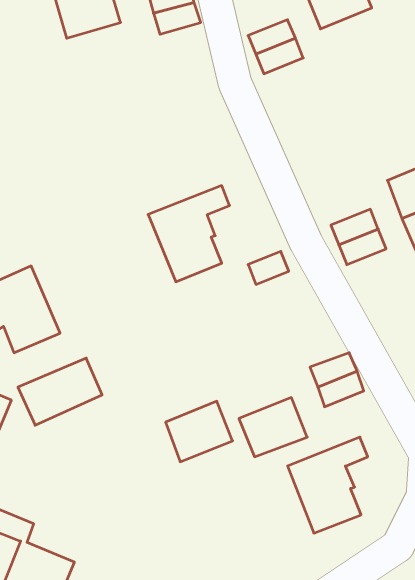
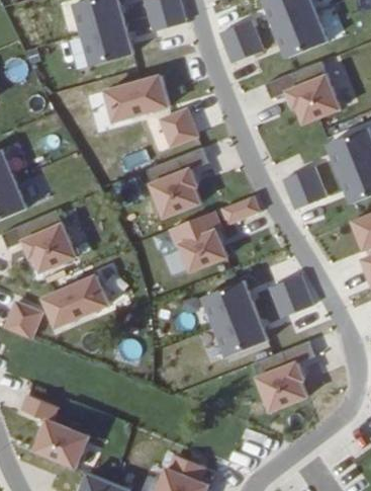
building: none -> [277,10,329,56]
building: none -> [82,21,131,61]
building: none -> [265,60,342,126]
building: none -> [105,74,168,120]
building: none -> [160,108,196,146]
building: none -> [169,211,225,270]
building: [166,401,233,462] -> [203,279,255,326]

